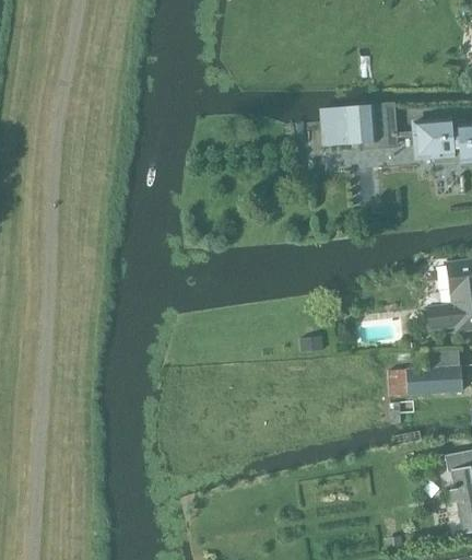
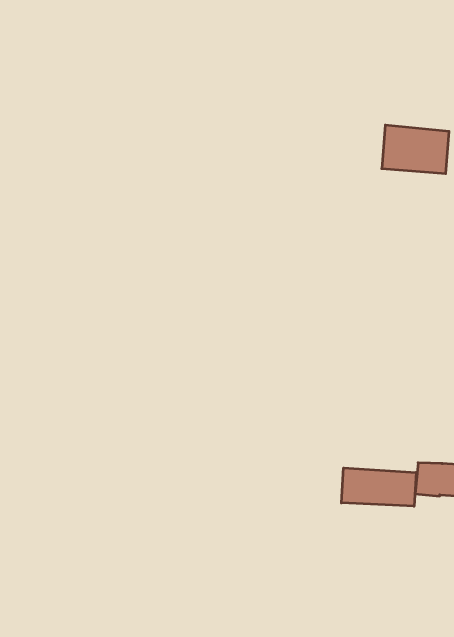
building: none -> [341,468,416,506]

